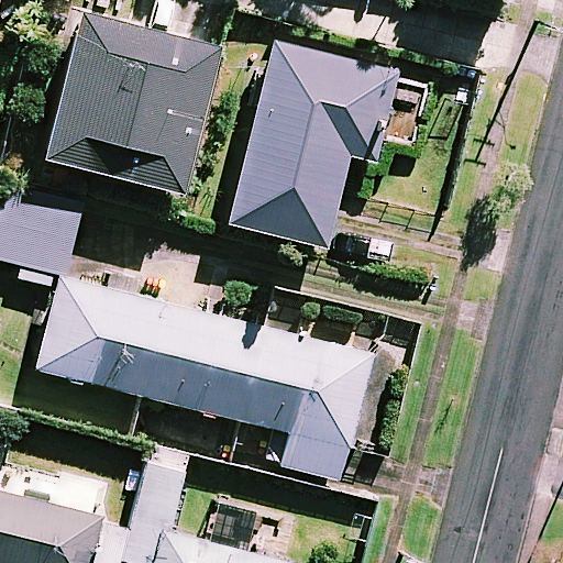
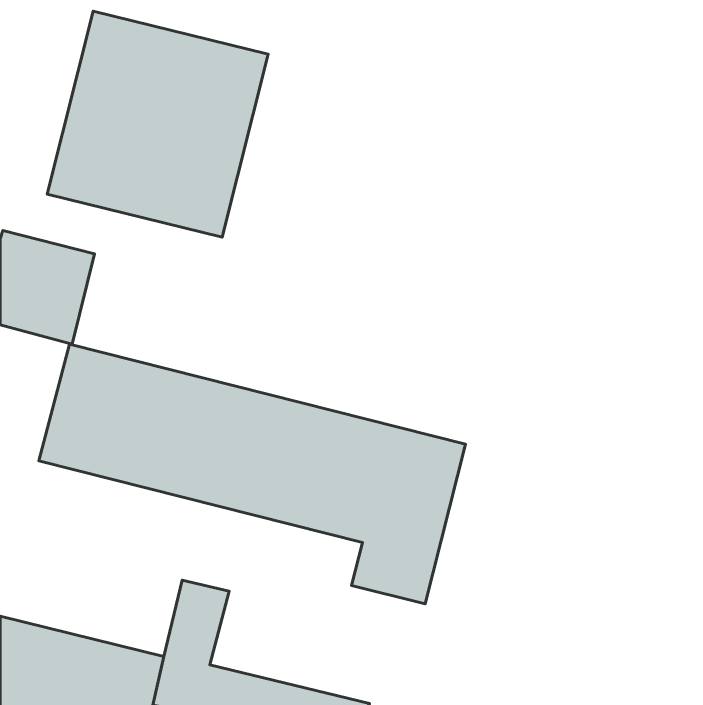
building: [230,42,399,247] -> none

